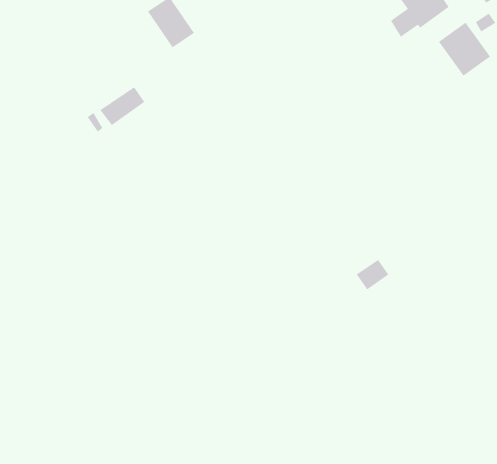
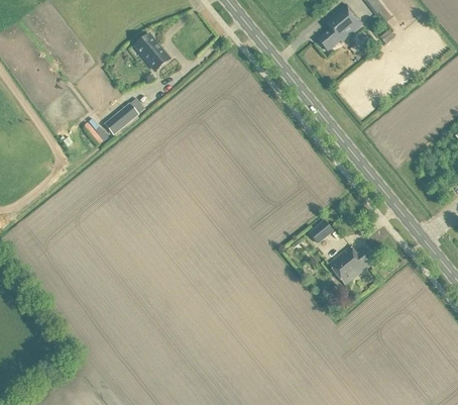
building: [438,22,491,77] -> none
building: none -> [328,245,376,285]

